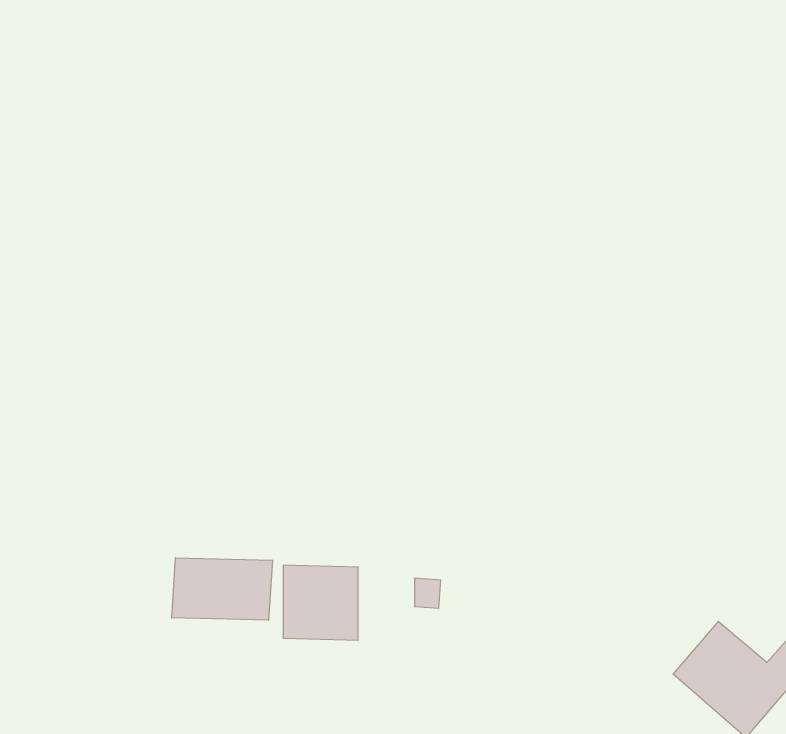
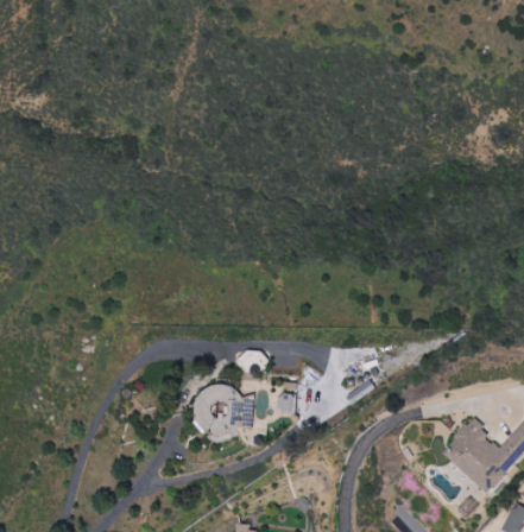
building: [172,558,273,620] -> none

